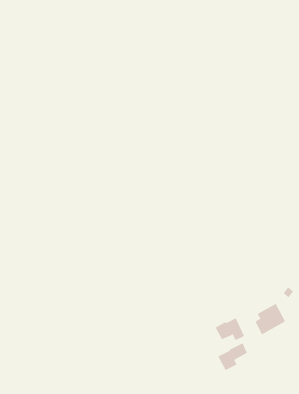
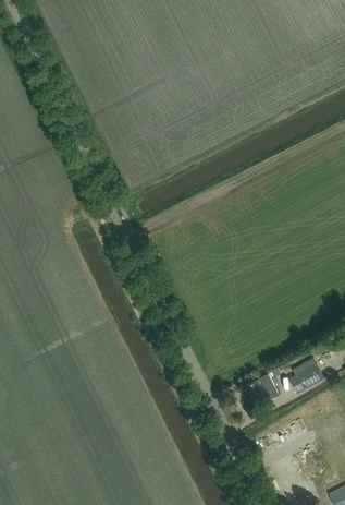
building: [218,343,248,371] -> none

